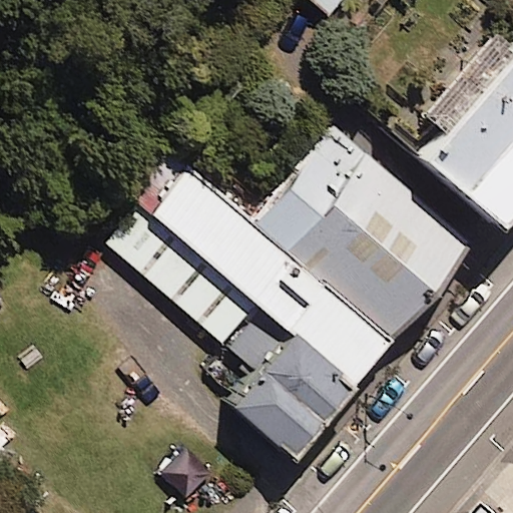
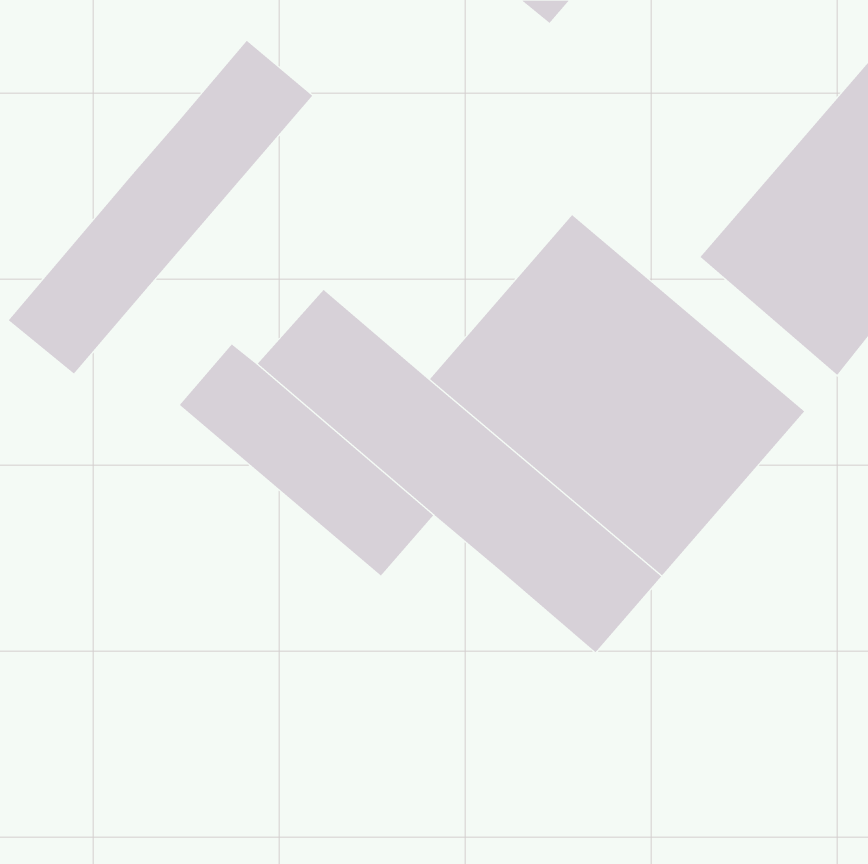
building: none -> [8,40,313,375]
building: [234,339,352,457] -> none

